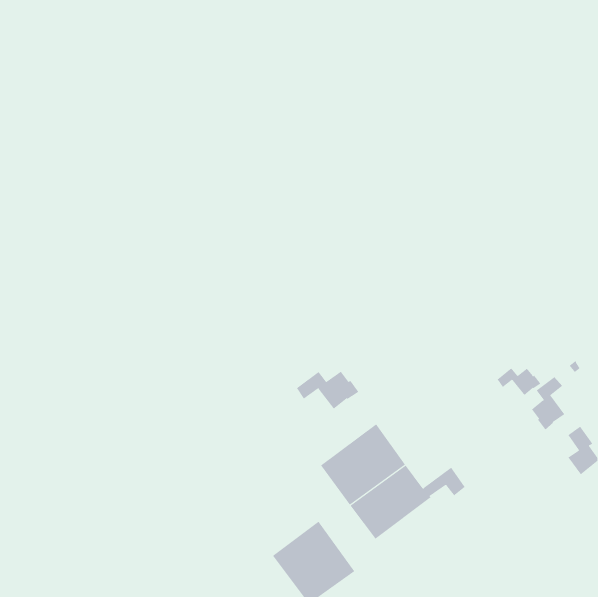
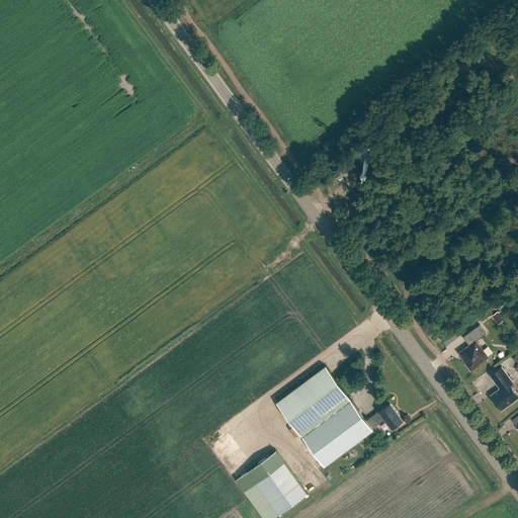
building: [497,367,541,396] -> none
building: [296,371,359,410] -> none

